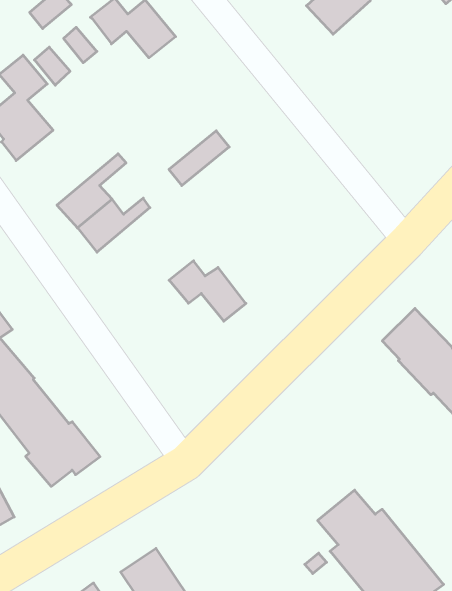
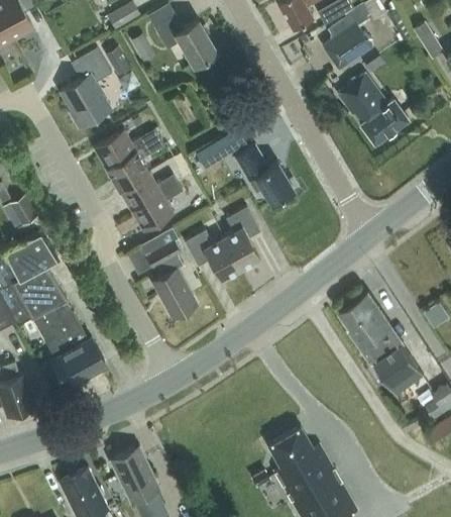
building: none -> [338,74,408,143]
building: none -> [234,144,295,203]
building: none -> [93,129,158,170]
building: none -> [130,183,182,232]
building: none -> [222,206,259,269]
building: none -> [139,227,195,318]

